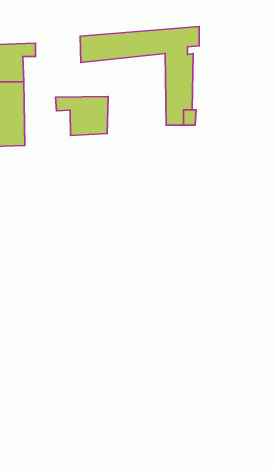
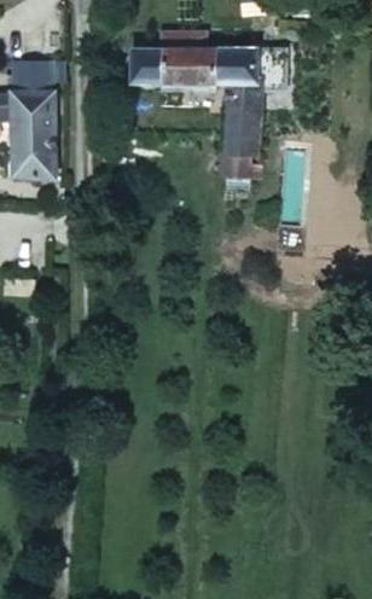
building: [56,96,108,135] -> none

